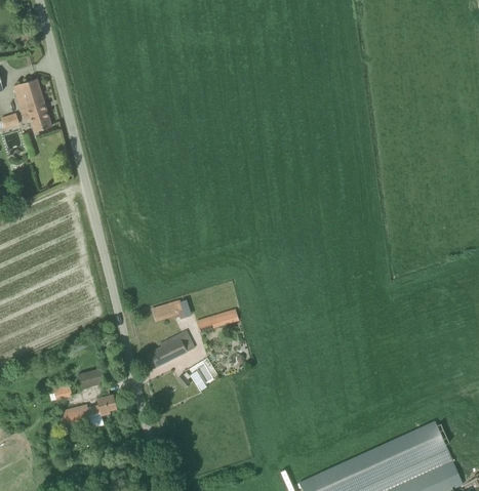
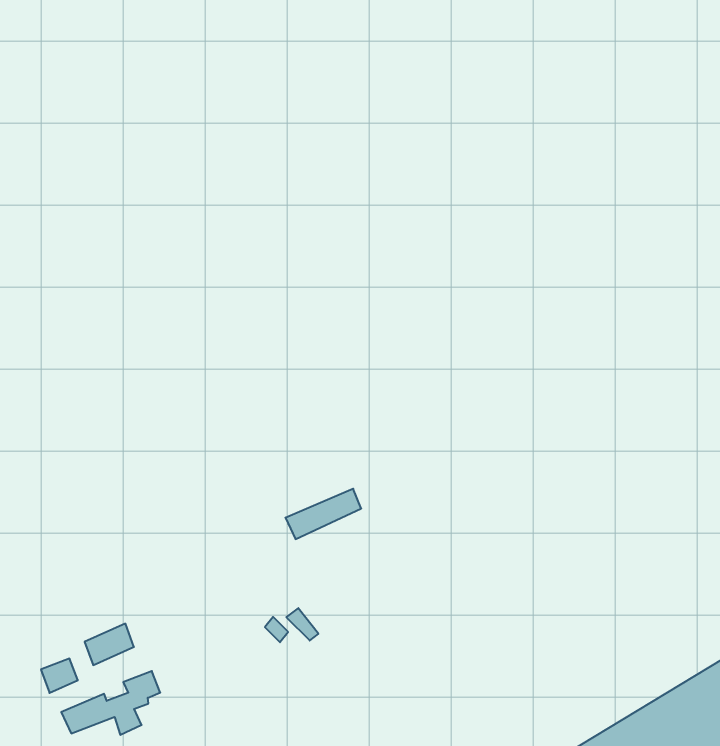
building: [152,300,185,321] -> none
building: [146,331,195,369] -> none

